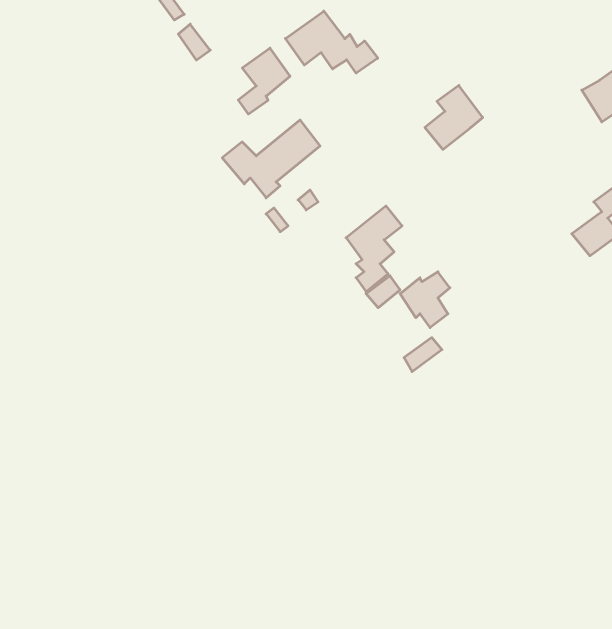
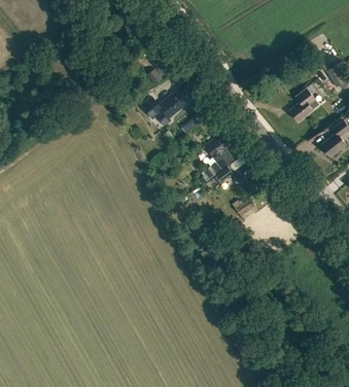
building: [285,11,378,73] -> none
building: [425,85,483,149] -> [289,89,319,121]

